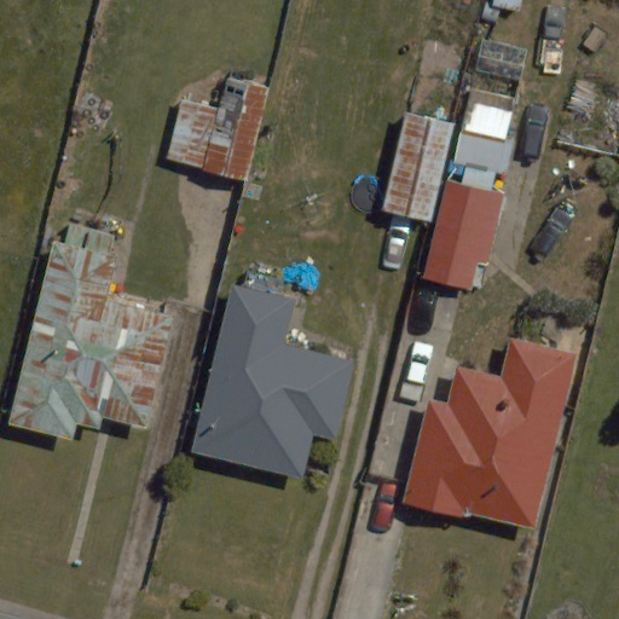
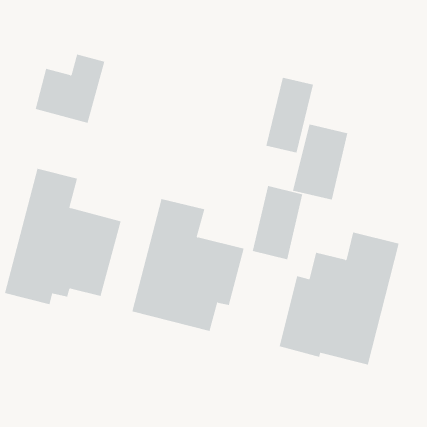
building: [166,76,267,177] -> [35,54,105,123]
building: none -> [252,185,303,260]

